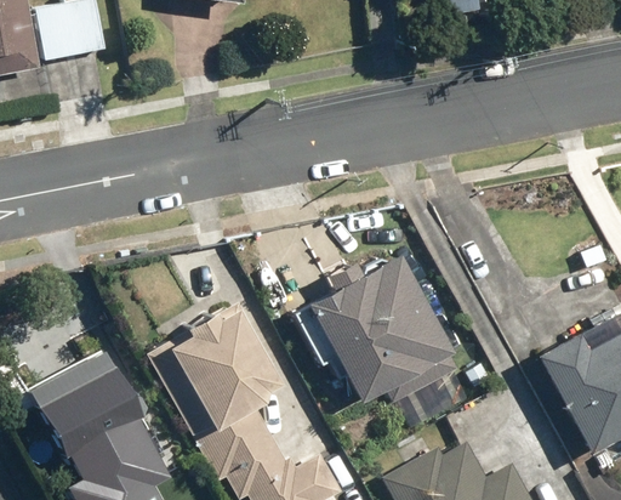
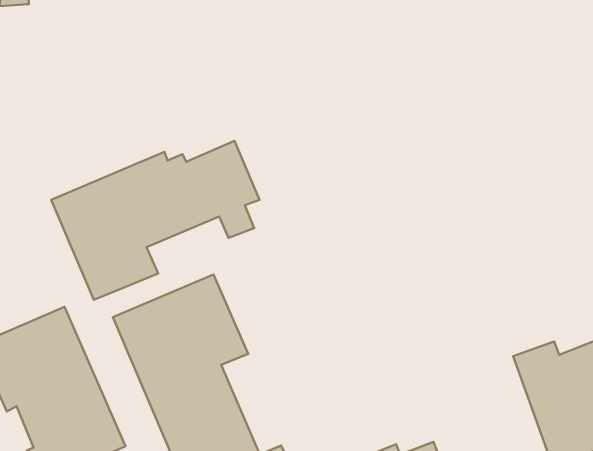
building: none -> [51,141,259,300]
building: [289,256,458,425] -> none

